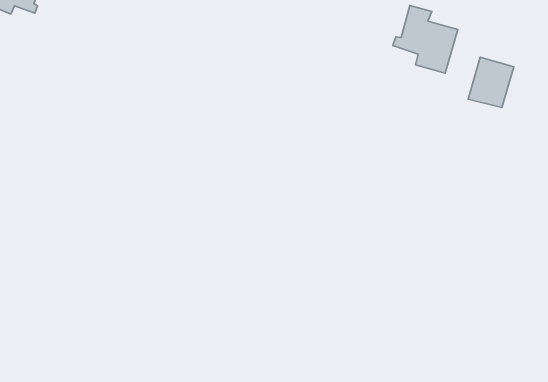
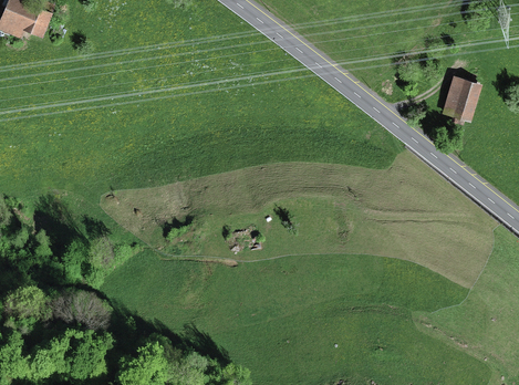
building: [393,6,458,73] -> none

